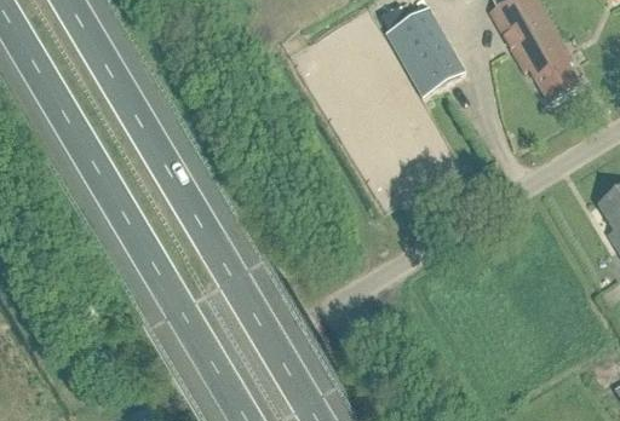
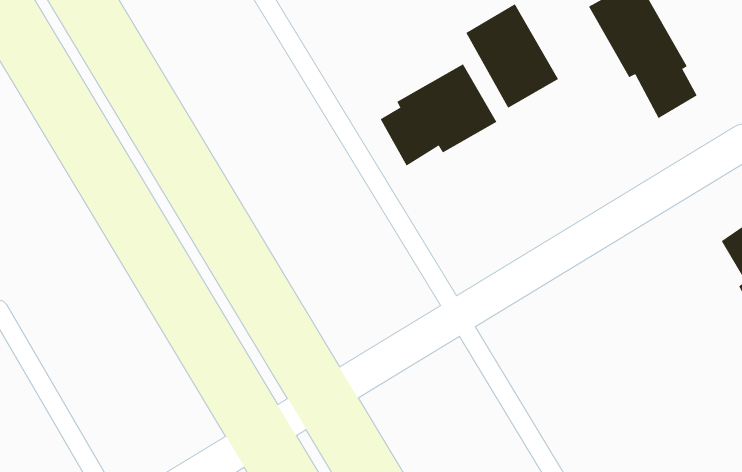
building: none -> [380,63,497,167]

